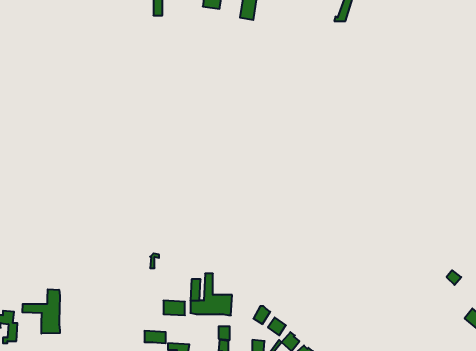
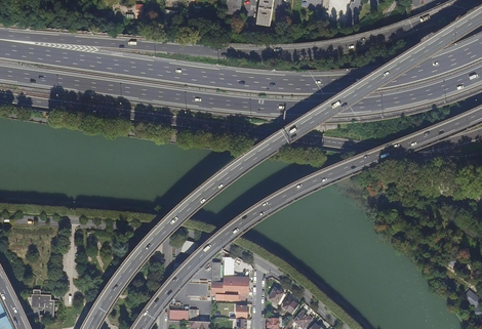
building: [22,289,60,334] -> none

